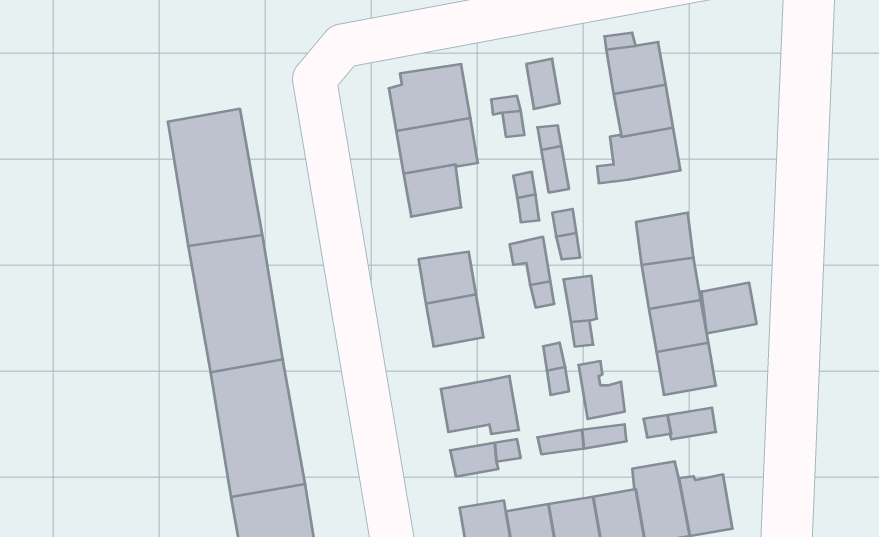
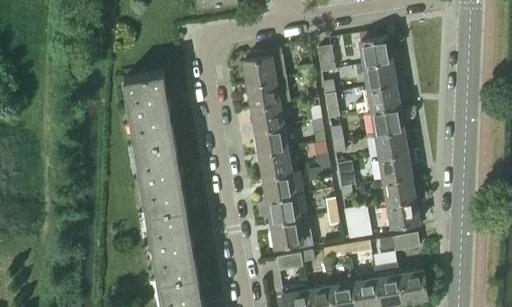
building: none -> [371,106,403,134]
building: none -> [254,126,285,154]
building: [701,283,756,334] -> none
building: none -> [266,196,297,224]

